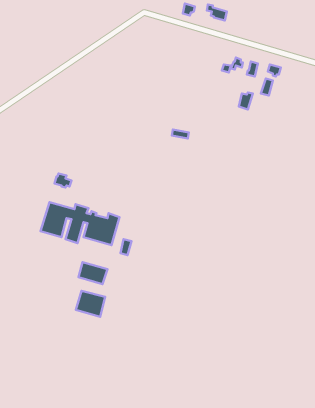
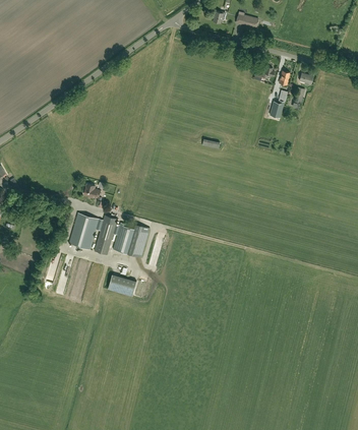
building: [76,291,105,317] -> none

